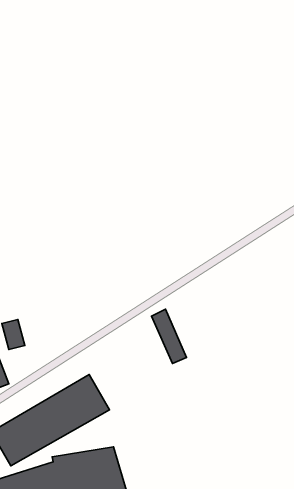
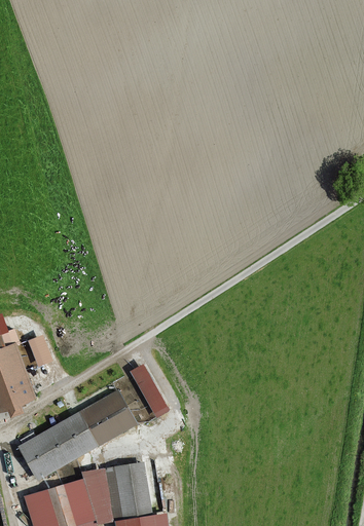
building: [151,309,187,363] -> [133,360,169,415]

